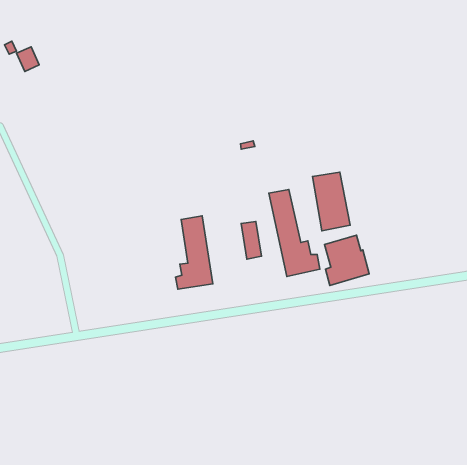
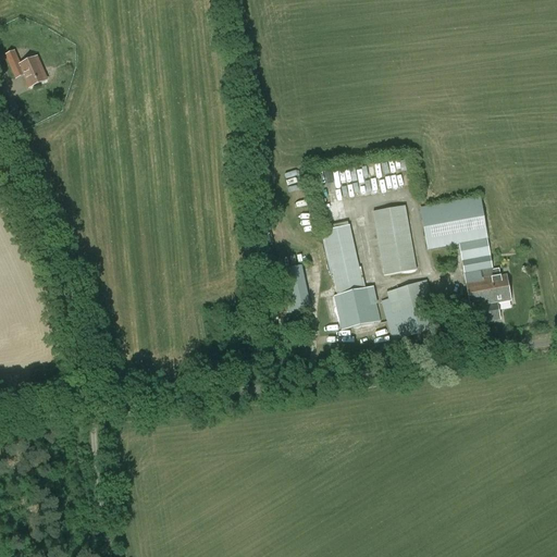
building: none -> [420,195,511,322]
building: [176,216,213,289] -> none

